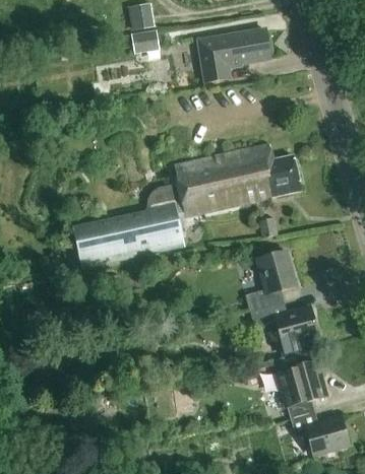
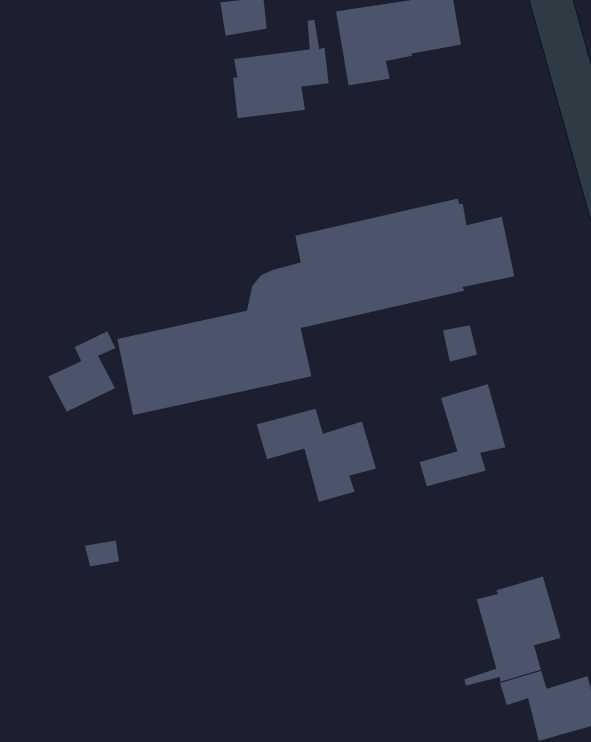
building: none -> [232,19,329,119]
building: none -> [48,330,116,413]
building: [249,300,318,354] -> [256,408,377,503]

